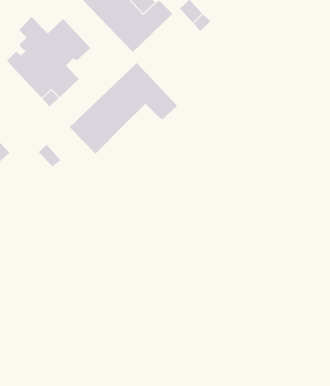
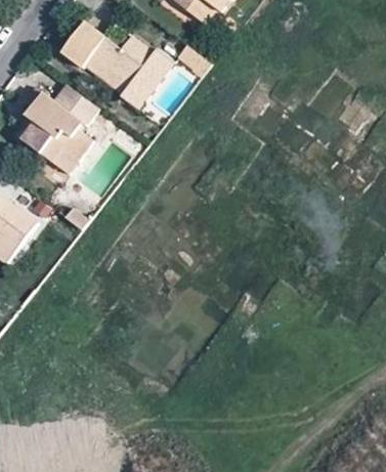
building: [69,62,178,155] -> none

